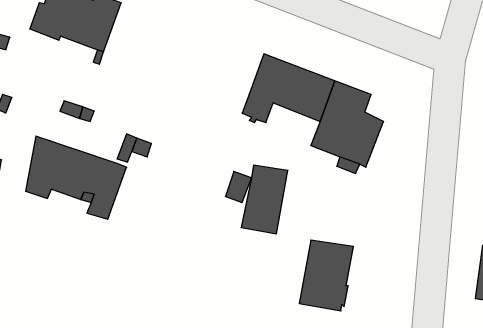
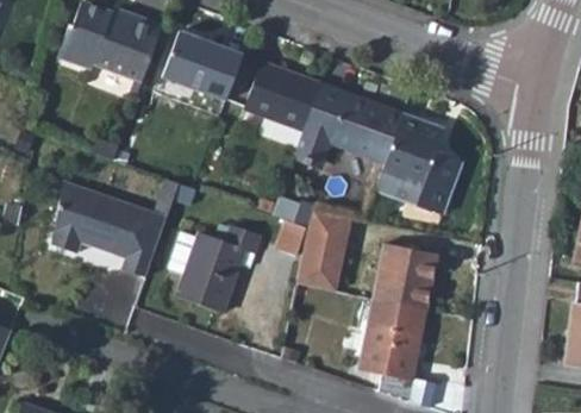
building: none -> [163,32,243,100]
building: none -> [245,62,323,146]
building: none -> [167,225,260,313]
building: none -> [376,243,435,305]

